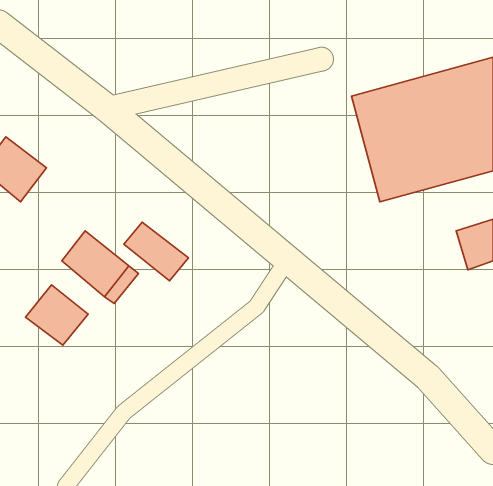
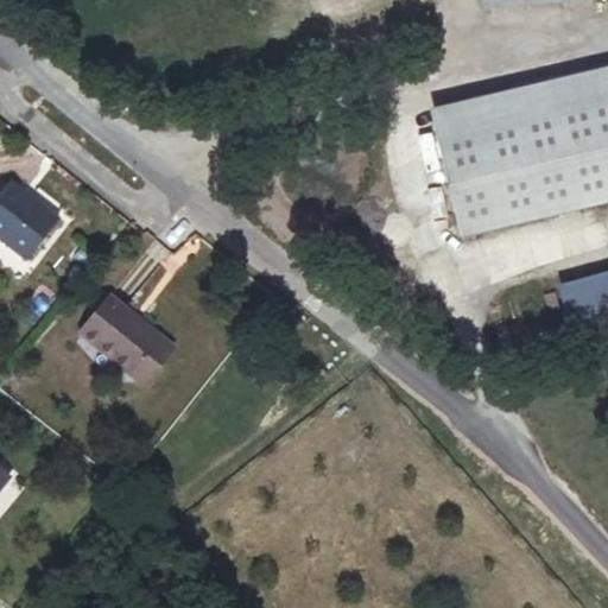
building: [124,222,189,281] -> none
building: [25,285,88,345] -> none

